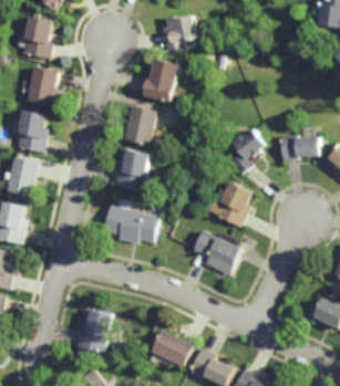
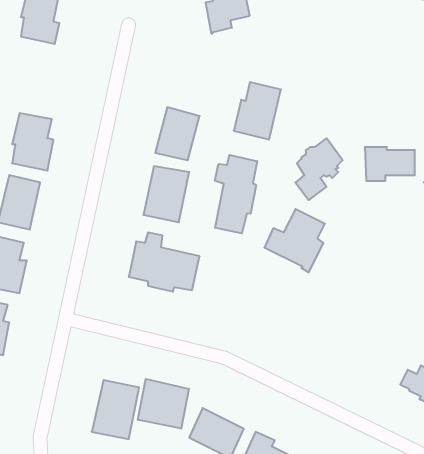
building: [143,56,178,100] -> [234,82,281,140]
building: [27,64,58,104] -> none
building: none -> [215,155,257,233]
building: [192,229,241,274] -> none
building: none -> [138,379,189,429]

